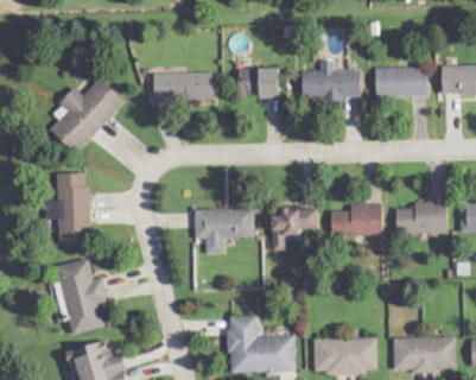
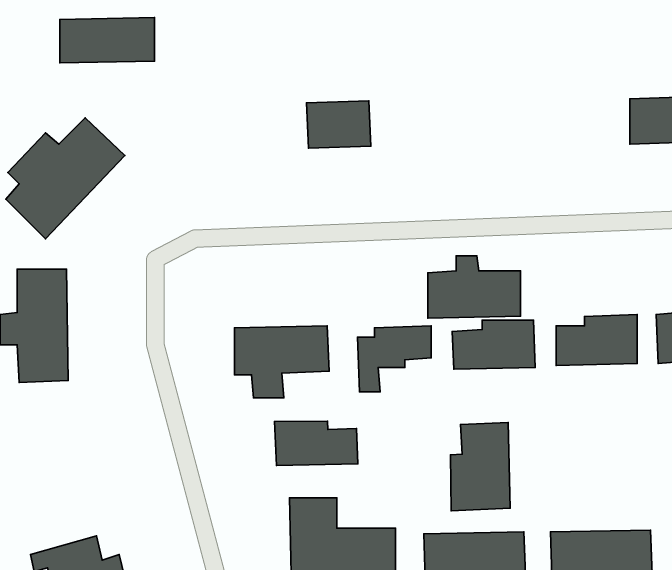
building: [302,59,360,99] -> [428,256,520,318]
building: [375,65,427,96] -> none
building: [153,71,212,100] -> [60,18,155,63]
building: [56,258,108,335] -> none
building: none -> [274,421,358,465]
building: none -> [451,422,510,511]

